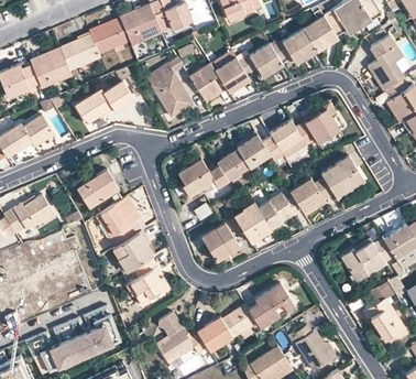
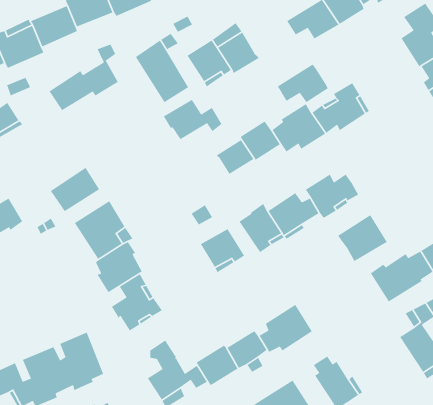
building: [240,44,283,77] -> [277,63,329,103]
building: [320,154,362,194] -> [337,214,388,262]
building: [176,155,226,189] -> [163,99,223,140]

